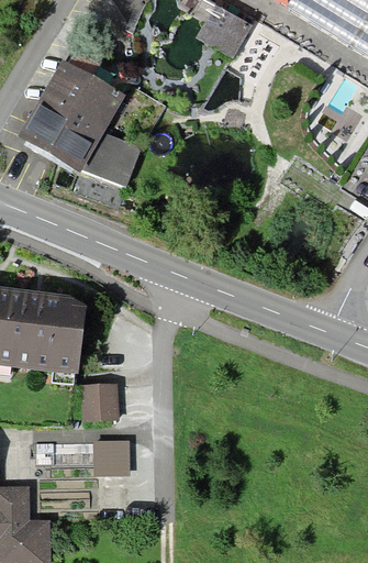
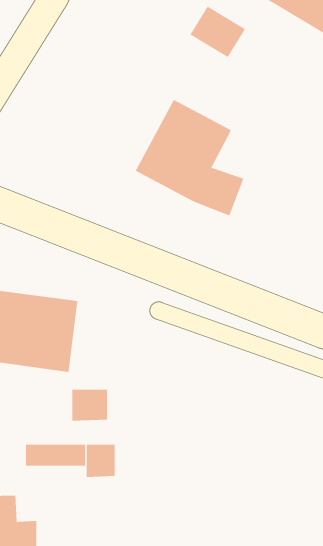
building: [27,67,136,184] -> [135,99,244,216]

